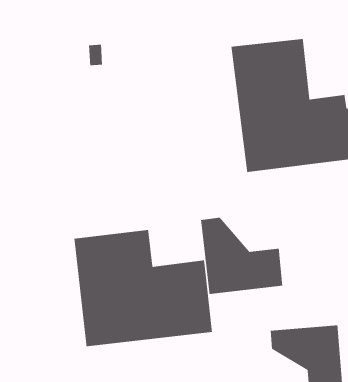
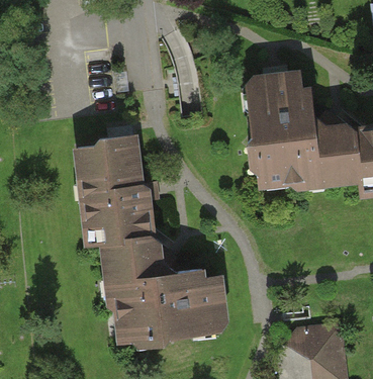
building: none -> [68,135,154,248]
building: [200,217,283,295] -> none

